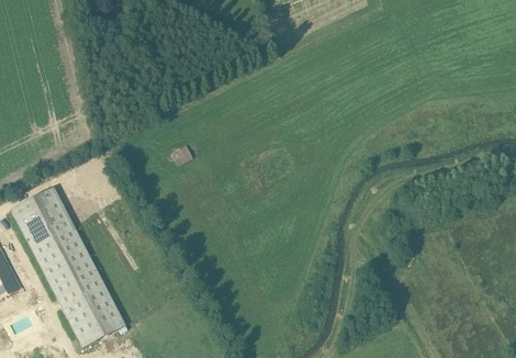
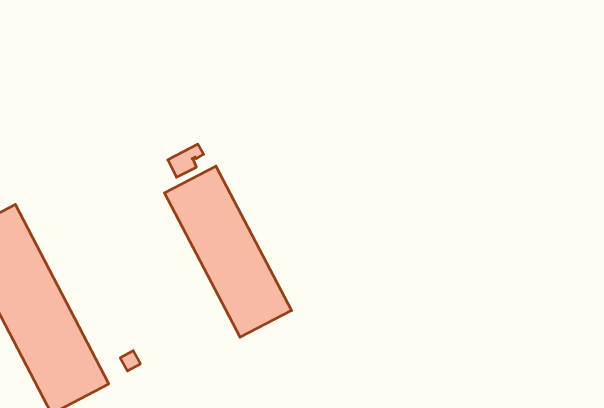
building: none -> [164,166,292,337]

